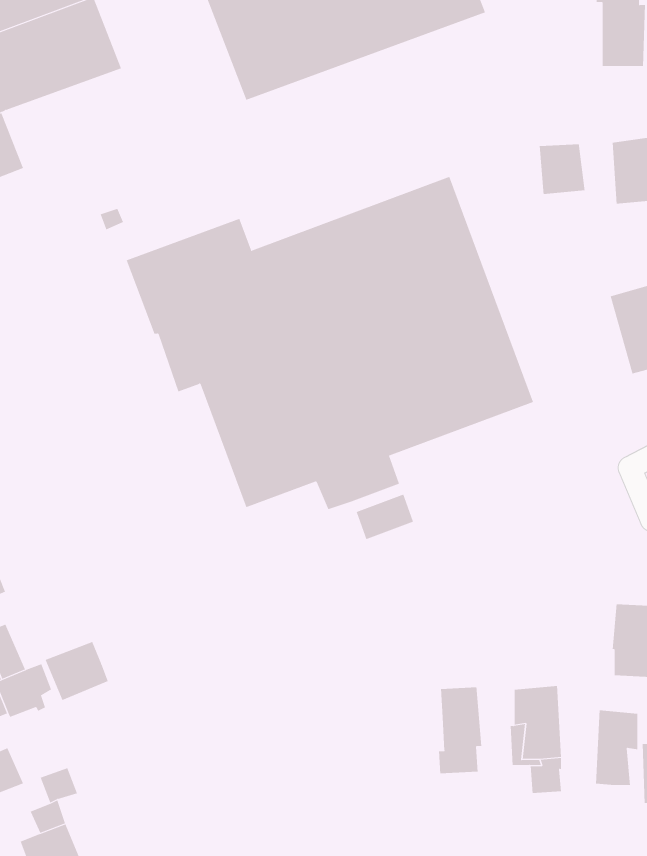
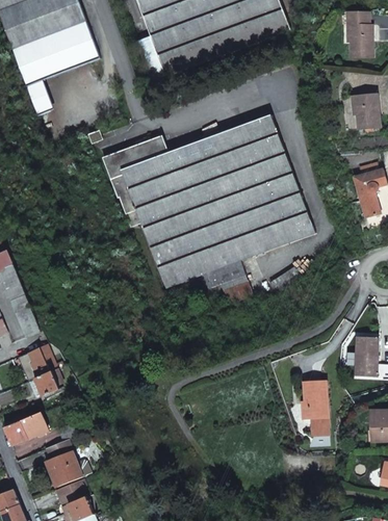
building: [539,143,585,195] -> none
building: [45,641,109,701] -> none
building: [439,687,482,774] -> none
building: [595,709,638,786] -> none

